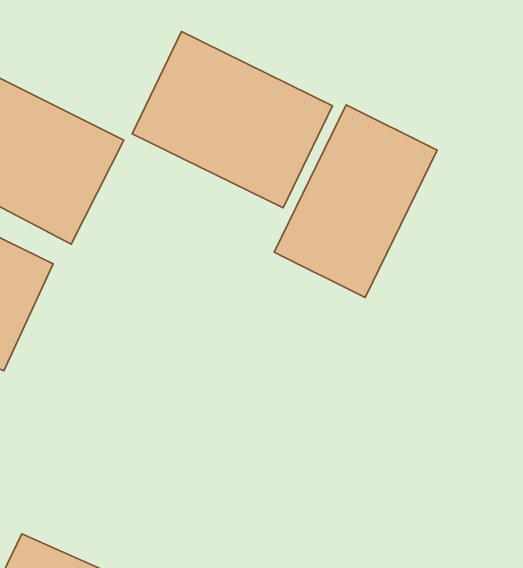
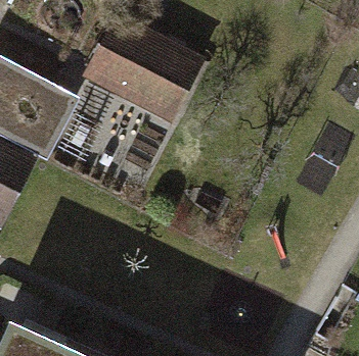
building: [274,105,437,297] -> none

